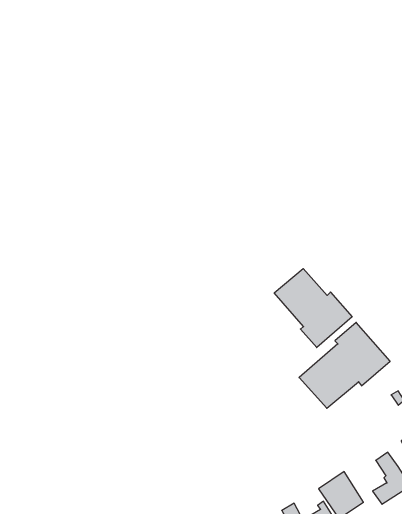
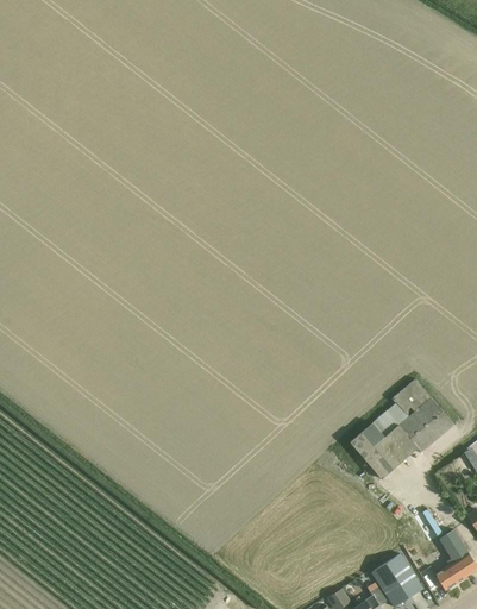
building: [274,269,352,348] -> none

